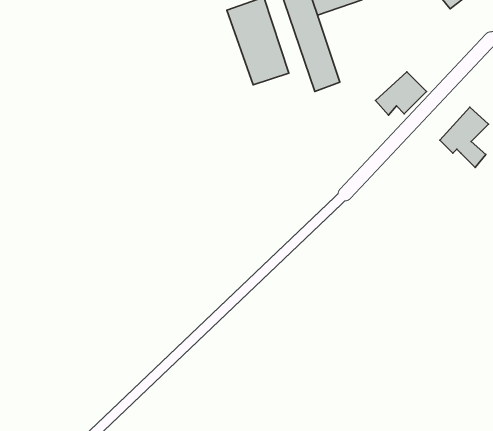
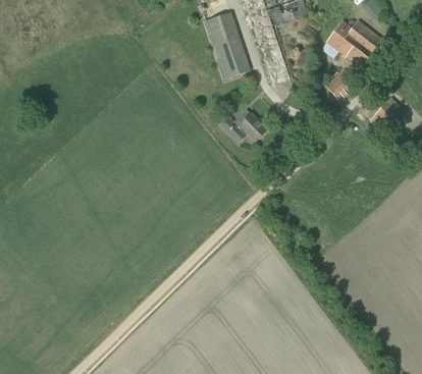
building: none -> [327,21,384,68]
building: none -> [239,110,268,142]

